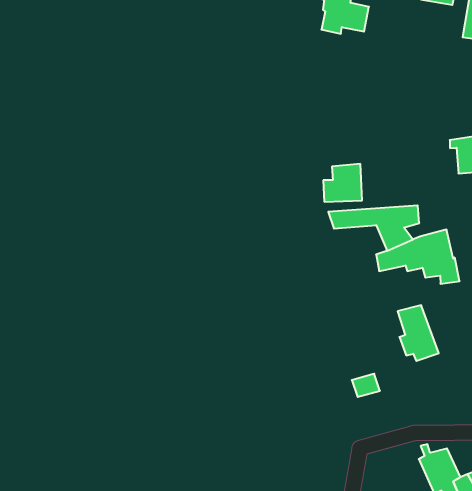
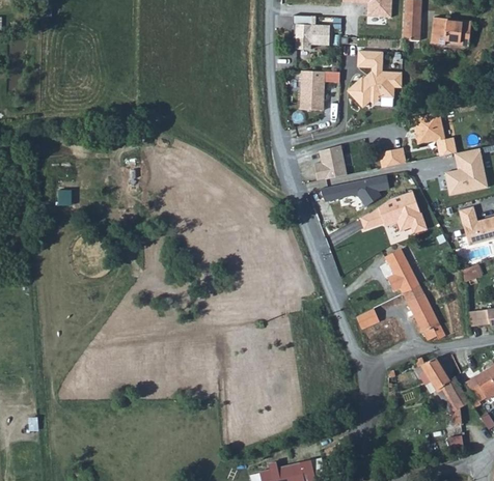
building: none -> [348,52,402,108]
building: none -> [299,72,323,111]
building: none -> [377,148,405,169]
building: none -> [404,286,446,340]

